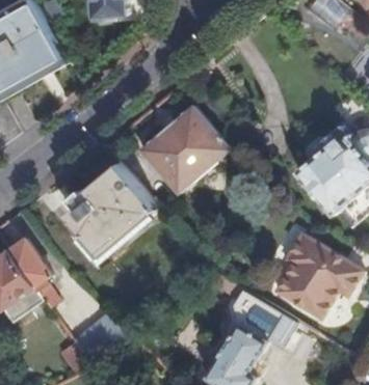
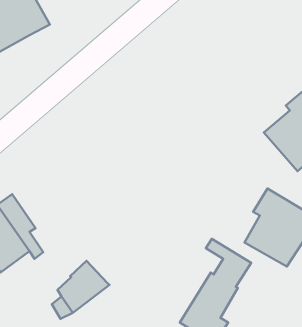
building: [139,105,230,193] -> none
building: [68,168,153,252] -> none

